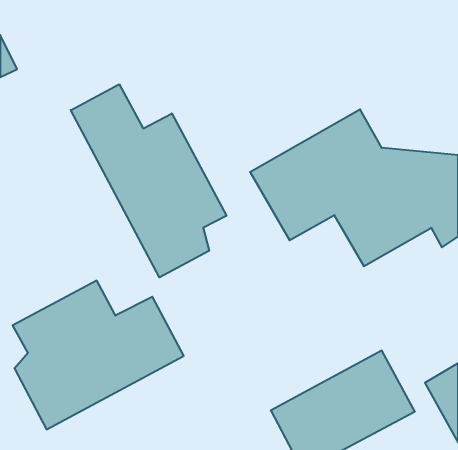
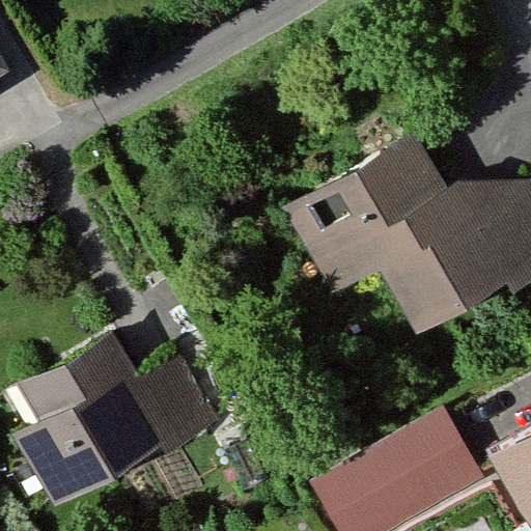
building: [71,84,226,277] -> none

